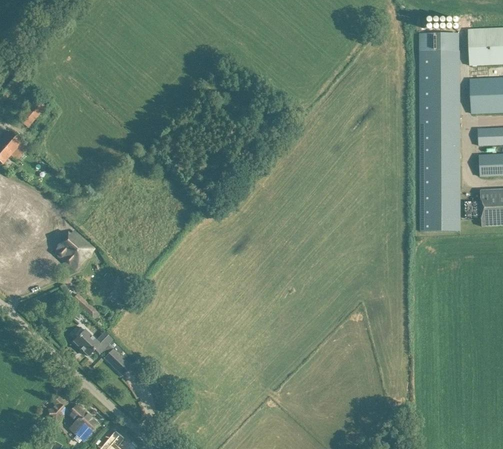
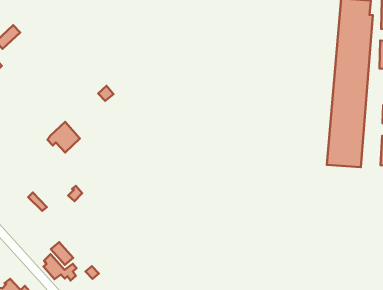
building: [54,230,92,266] -> [47,122,80,152]
building: [73,326,112,355] -> [44,254,77,281]

